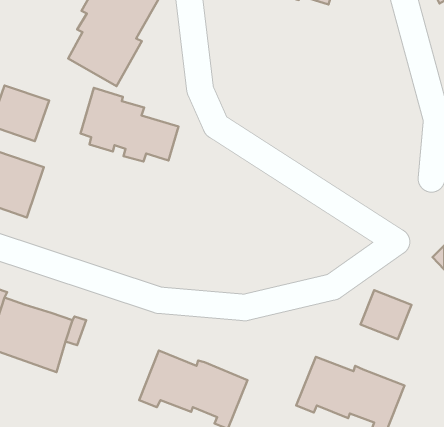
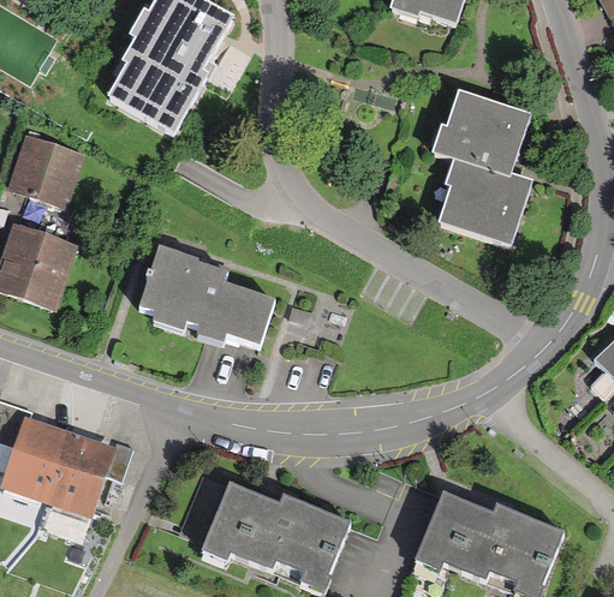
building: none -> [434,96,533,245]
building: [81,88,178,161] -> [138,245,269,344]
building: [360,290,412,339] -> none

